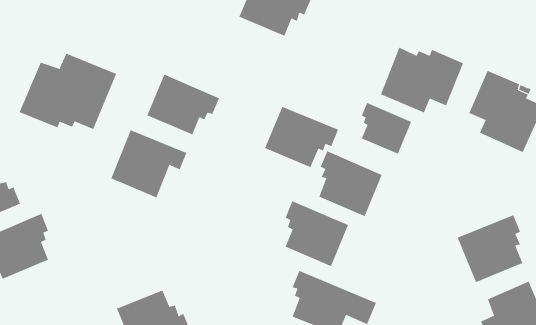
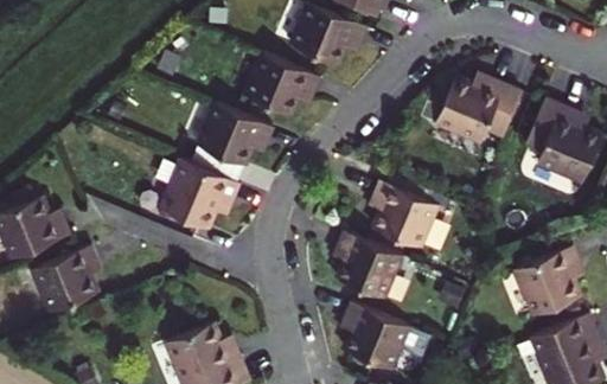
building: [19,53,117,130] -> none
building: [361,102,412,154] -> none
building: [264,106,339,168] -> [243,53,319,116]

